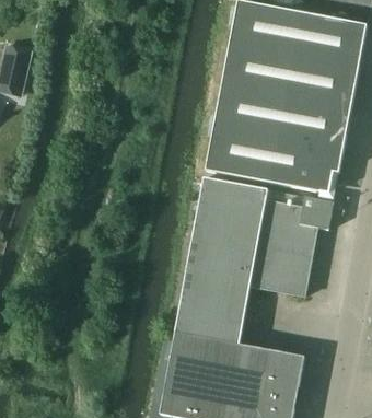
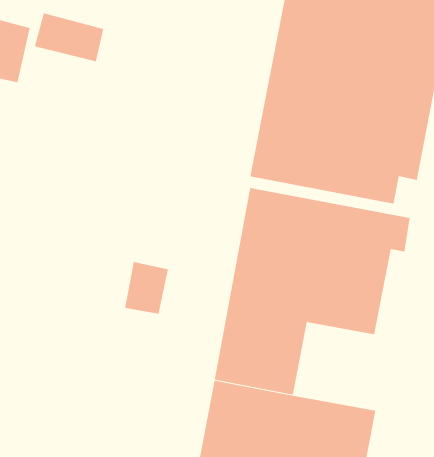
building: none -> [34,13,104,62]
building: none -> [125,261,168,314]

